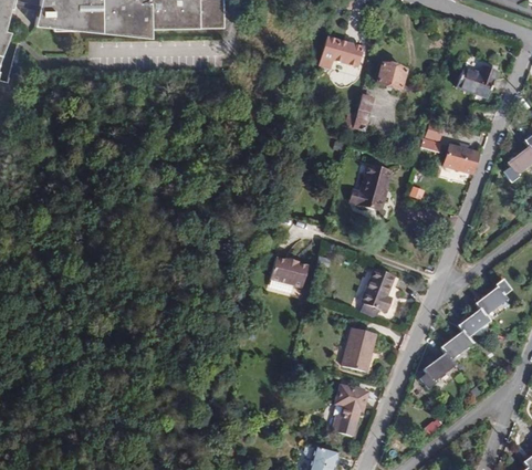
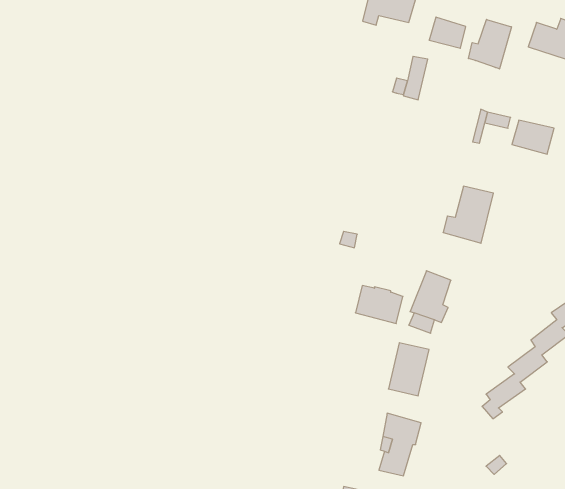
building: none -> [468,19,511,69]
building: [352,167,393,213] -> [443,186,493,243]
building: [270,258,309,289] -> [355,286,403,324]

